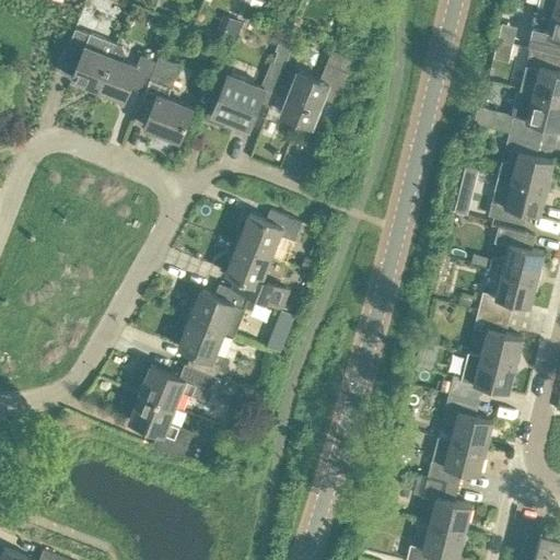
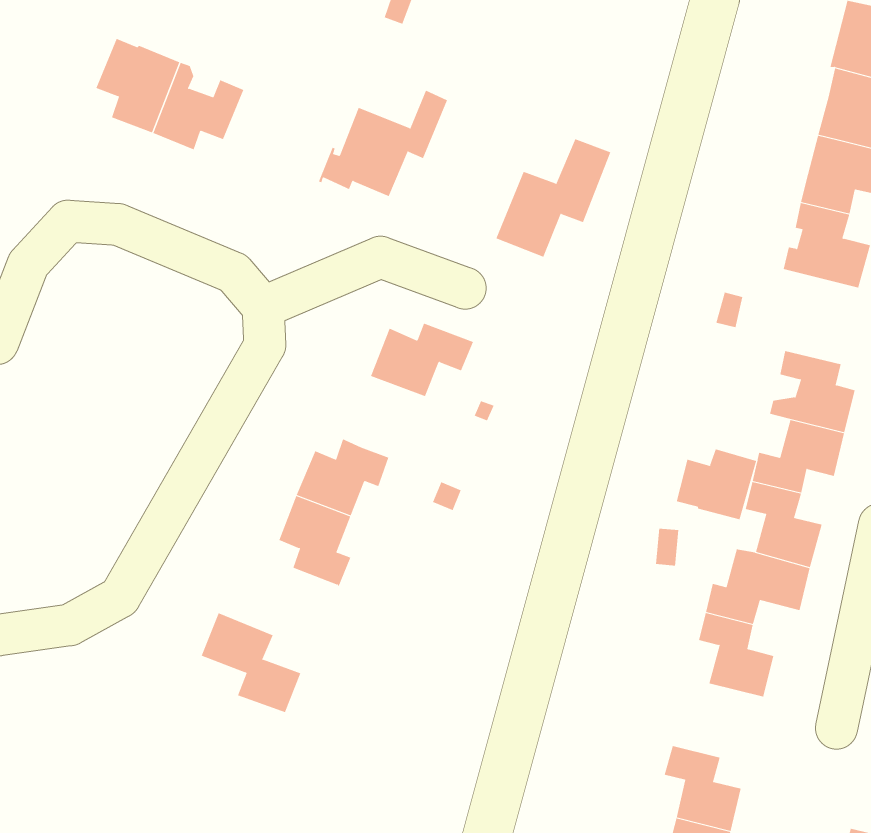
building: [281,52,354,128] -> [496,138,611,257]
building: [144,58,192,142] -> none
building: [488,177,546,226] -> none
building: [225,245,290,310] -> none
building: none -> [676,449,757,520]
building: [140,365,215,409] -> none
building: [428,438,486,487] -> none

